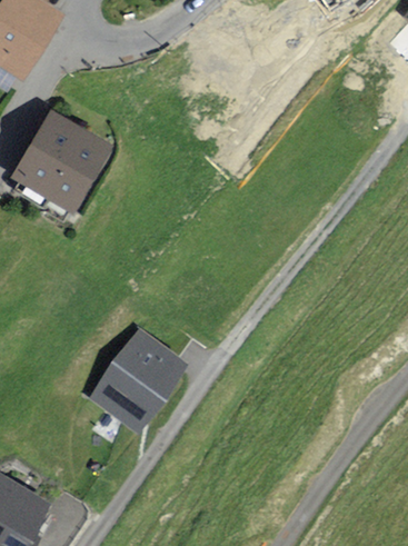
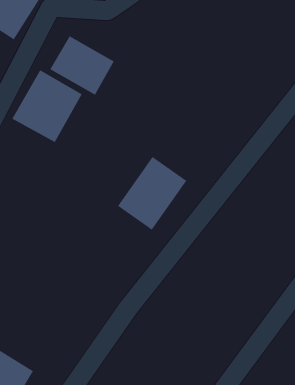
building: none -> [49,36,114,96]
building: [94,332,186,429] -> [117,156,187,231]

